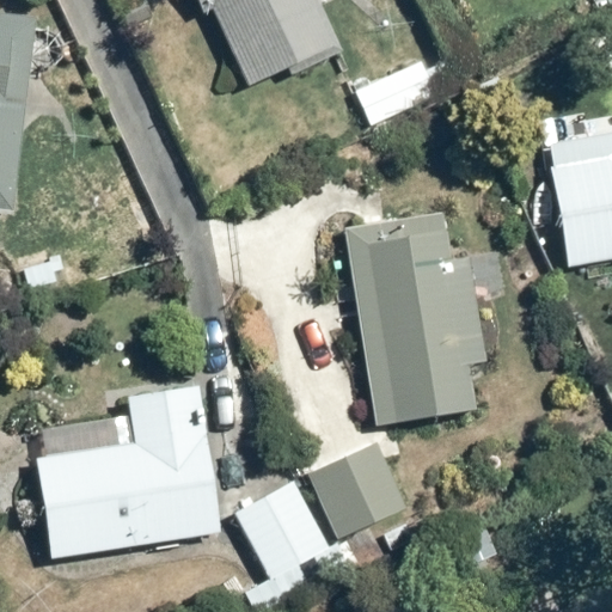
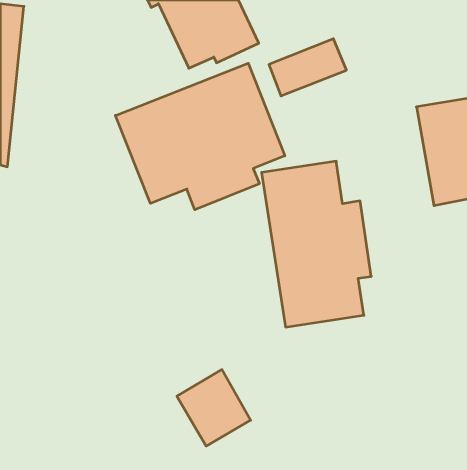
building: none -> [115,63,285,210]
building: [36,385,216,557] -> none
building: [305,439,406,538] -> none

